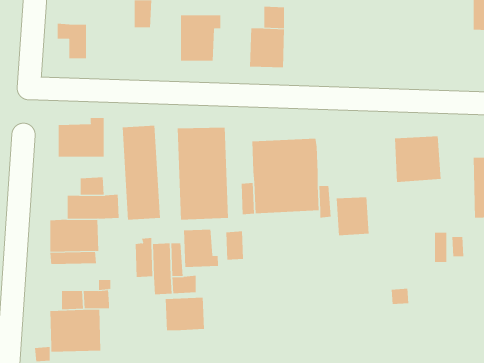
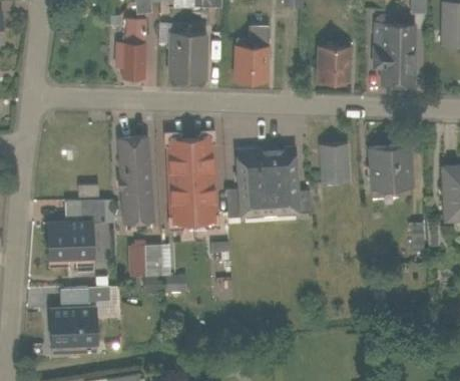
building: none -> [376,25,414,85]
building: [57,23,87,59] -> [116,44,144,77]
building: none -> [318,49,350,83]
building: [58,117,104,157] -> none
building: [336,197,369,236] -> [320,144,351,180]
building: [183,229,219,268] -> none
building: [165,297,204,331] -> none

